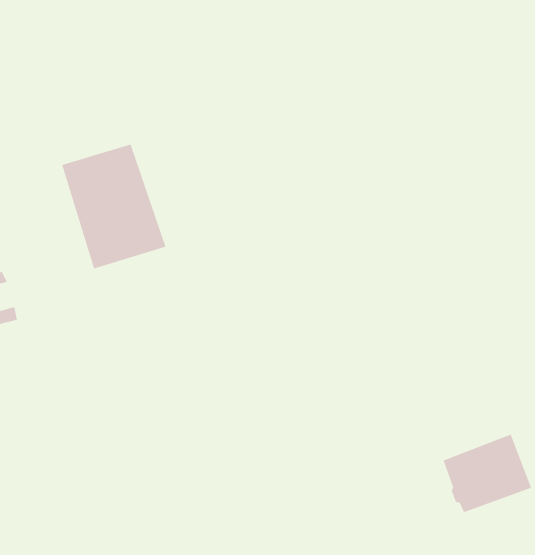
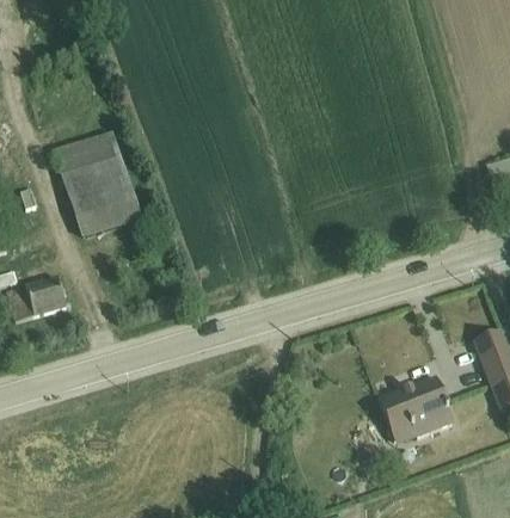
building: none -> [7,273,67,319]

